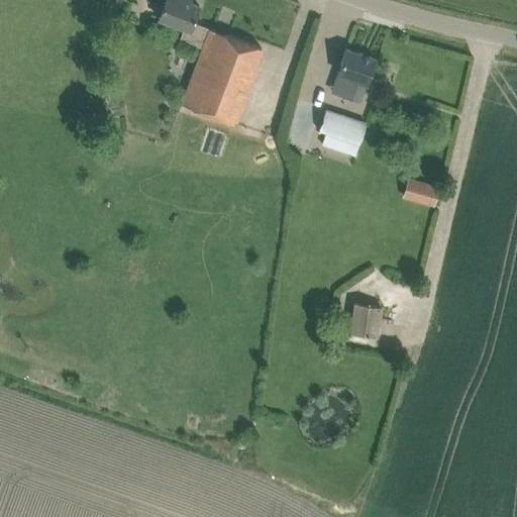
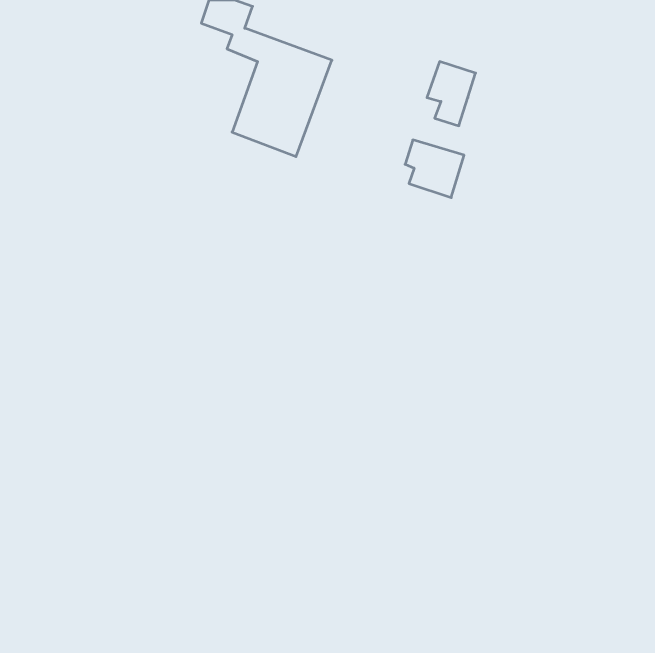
building: [403,179,440,208] -> none
building: [349,304,382,337] -> none

